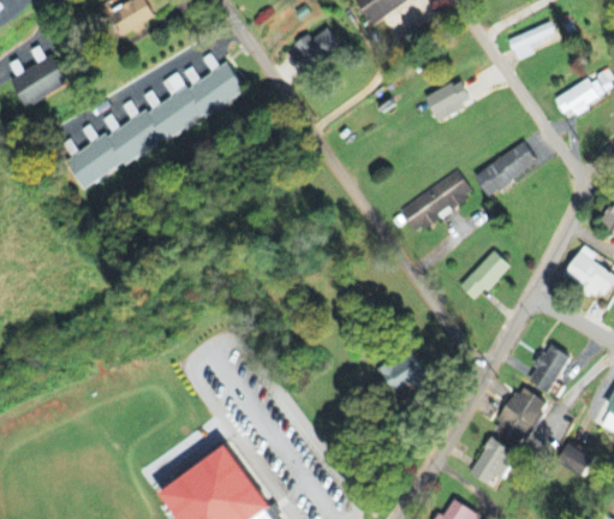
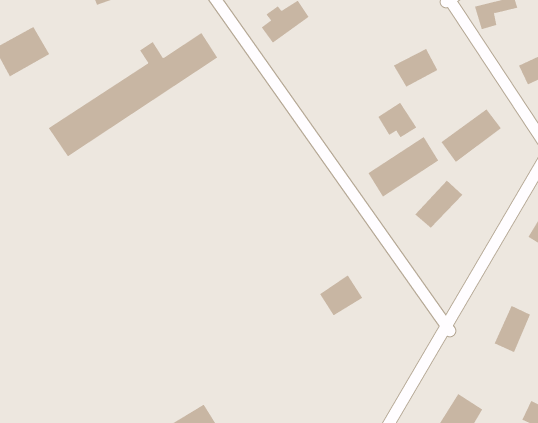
building: none -> [378,102,417,138]
building: [458,250,508,300] -> [415,180,463,228]
building: [380,351,425,394] -> [319,275,363,316]
building: [494,387,546,447] -> none

